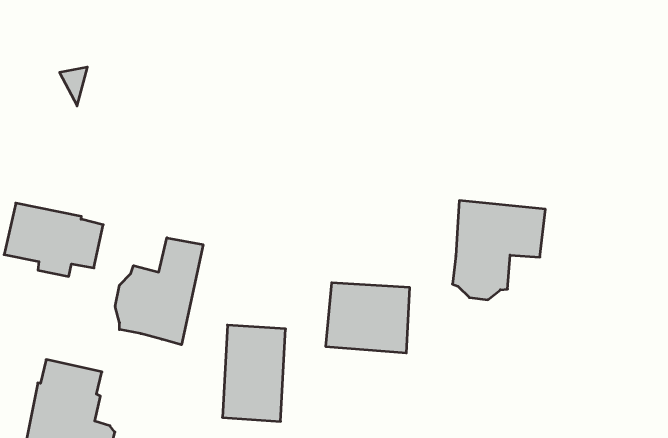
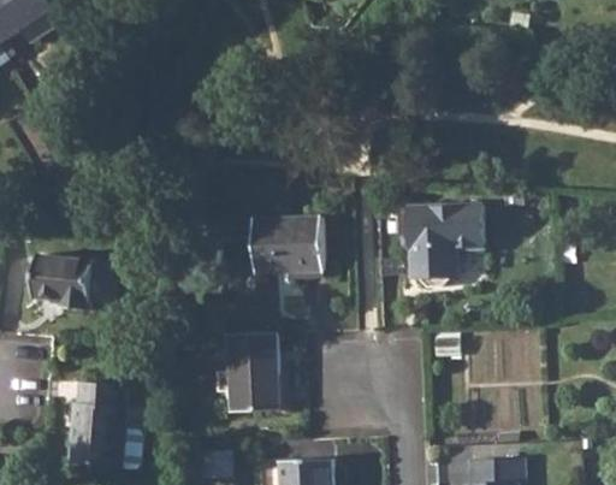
building: [115,238,203,345] -> none
building: [326,283,410,353] -> [253,214,322,272]

